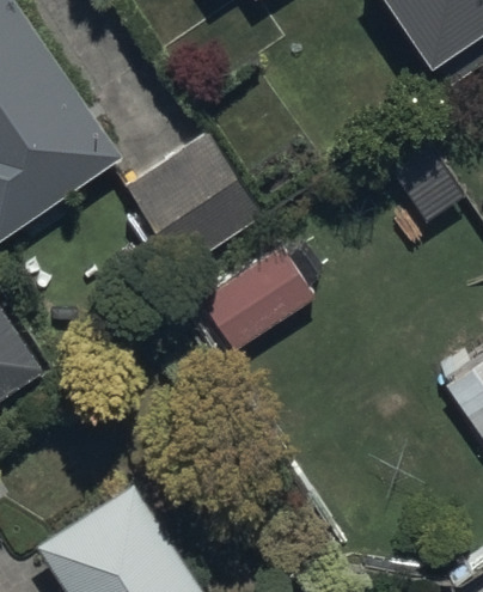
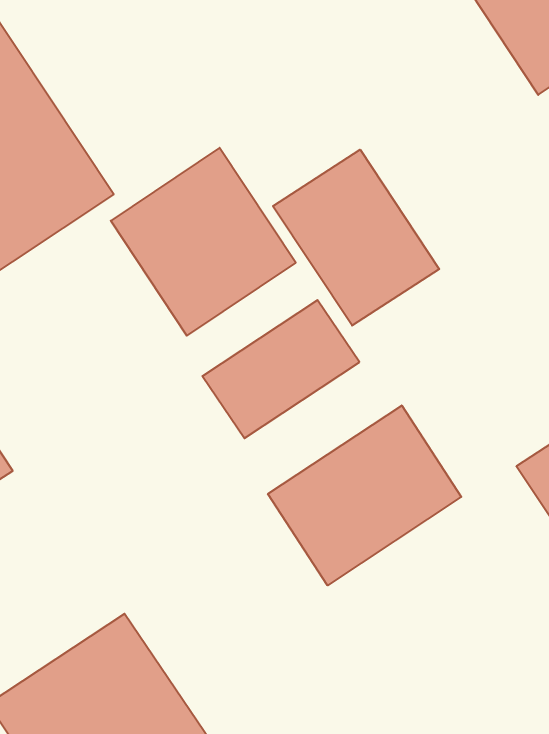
building: none -> [273,150,439,326]
building: none -> [268,405,461,585]

